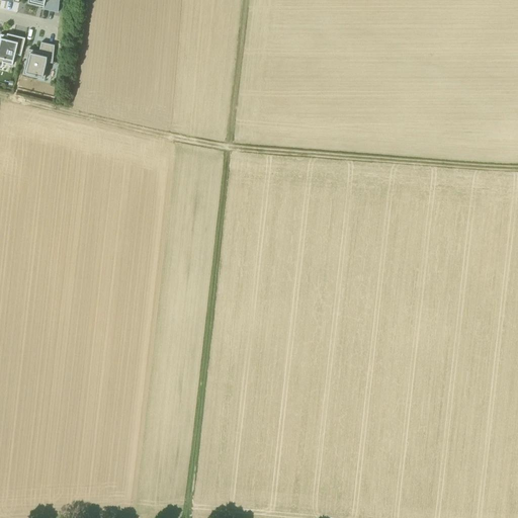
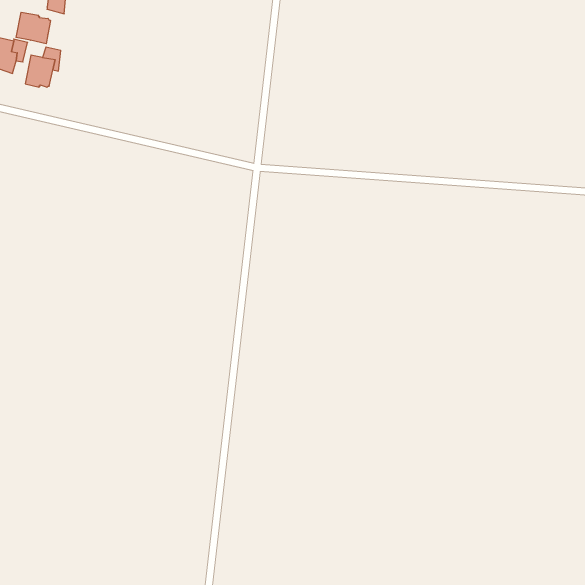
building: none -> [16,12,50,44]

